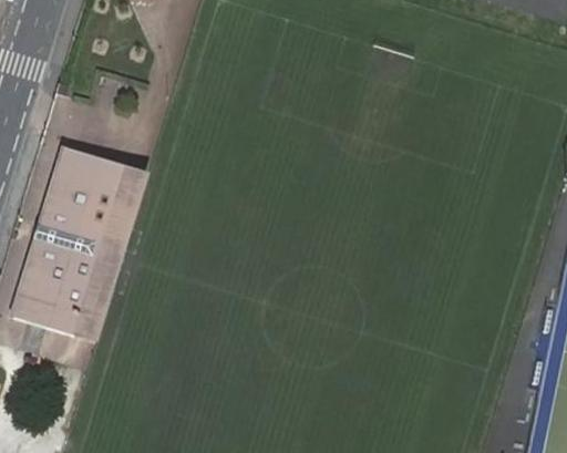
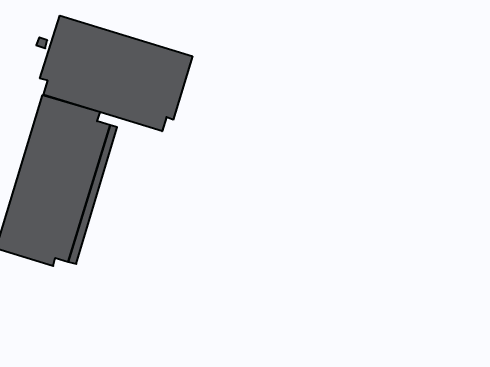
building: none -> [40,16,192,131]

